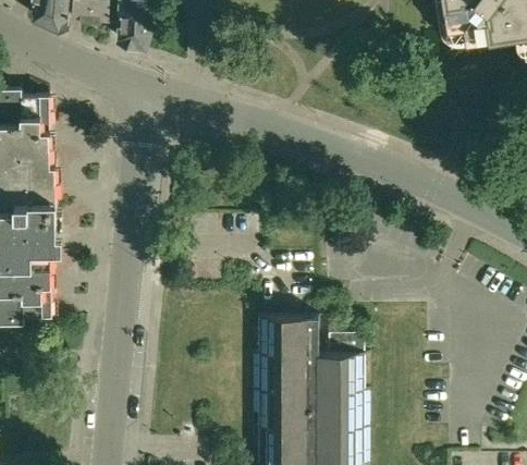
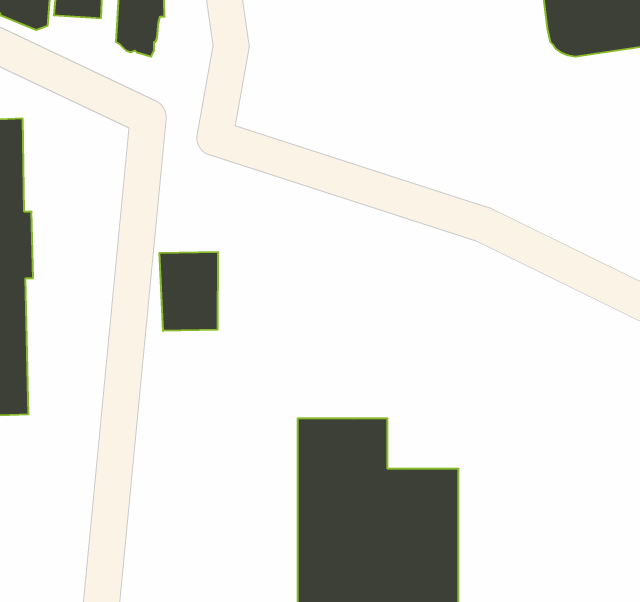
building: none -> [159,252,218,331]

